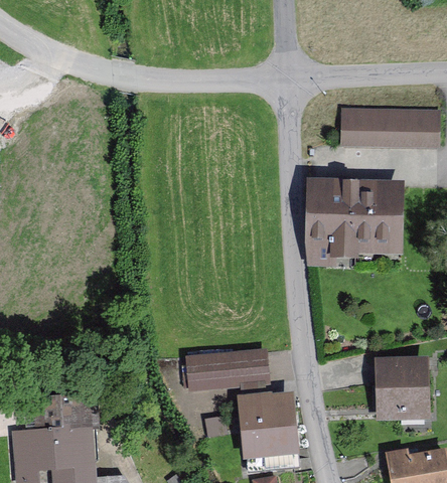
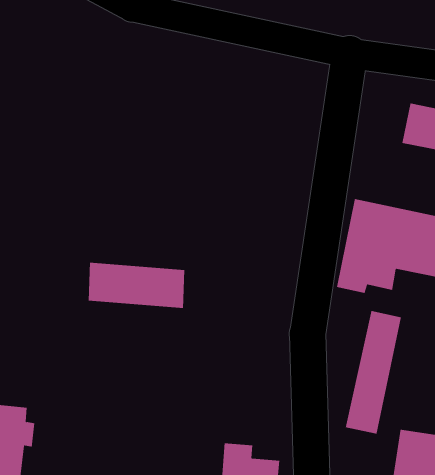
building: none -> [345,310,402,435]
building: [186,350,266,387] -> [88,262,185,308]

